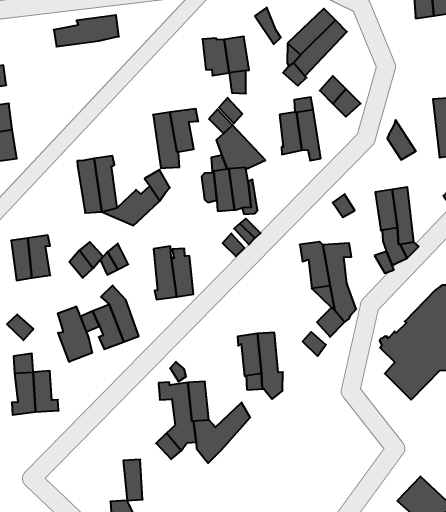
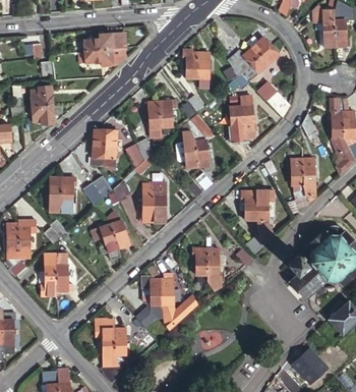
building: none -> [85,47,126,65]
building: [58,306,92,362] -> none
building: none -> [95,321,114,353]

